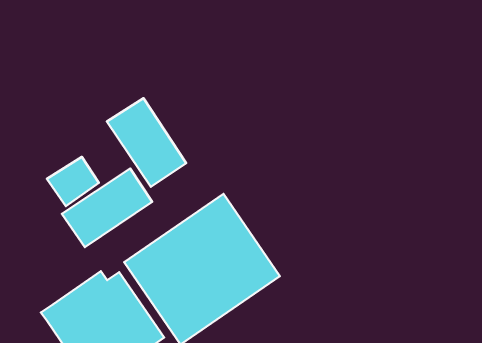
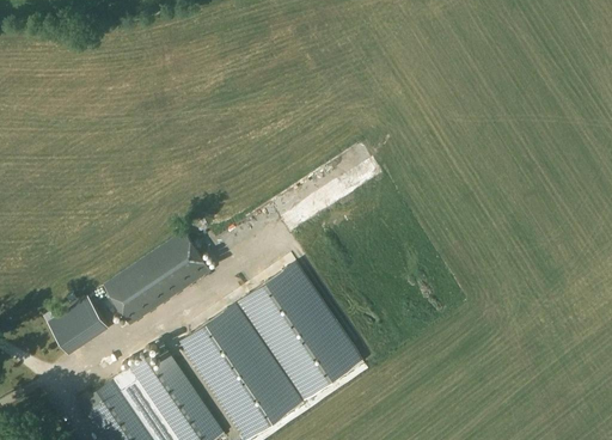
building: [107,98,186,187] -> none
building: [47,157,99,206] -> [45,297,108,355]

